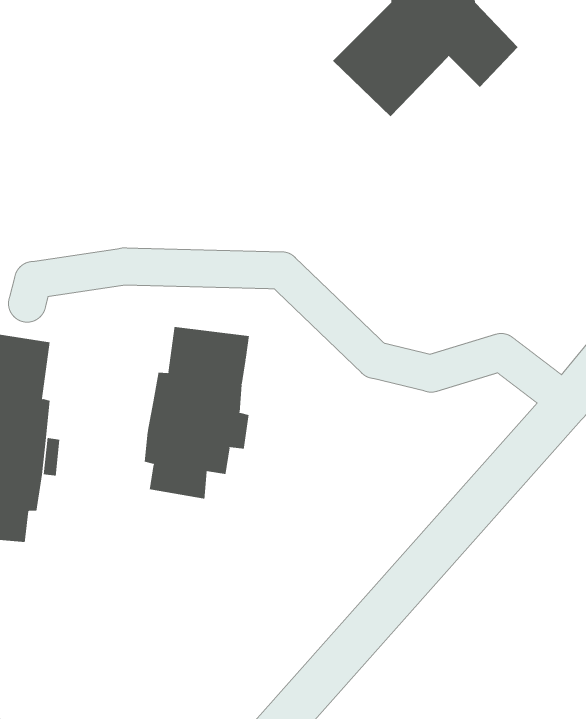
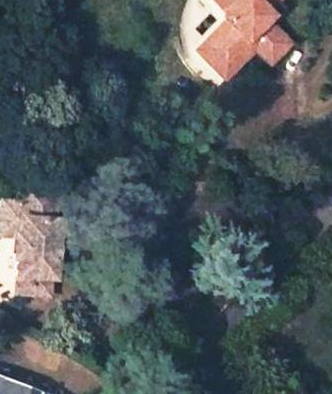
building: [144,326,249,499] -> none

